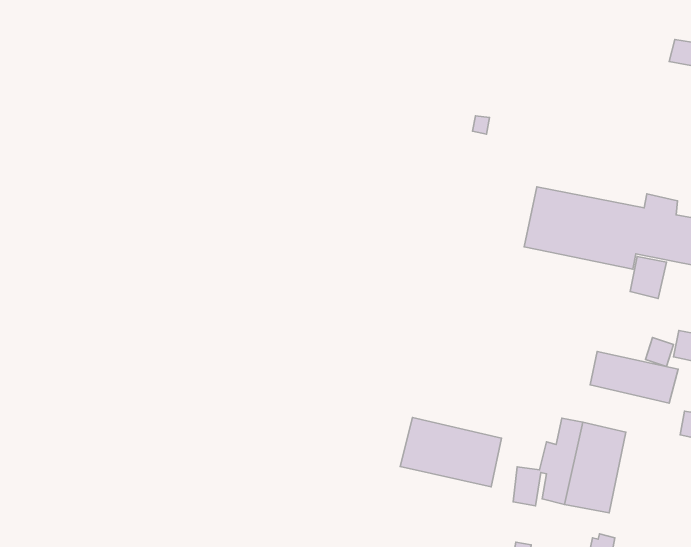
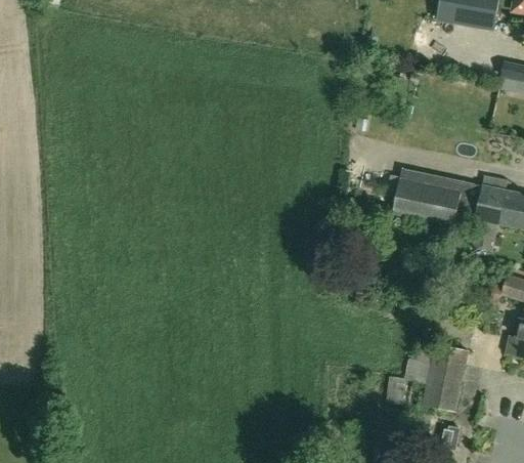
building: [590,351,678,403] -> none
building: [400,418,502,487] -> none

